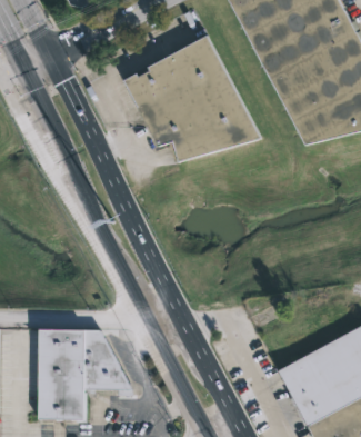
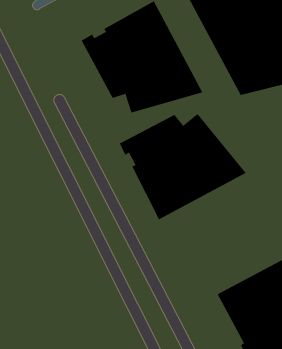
building: none -> [119,113,247,220]
building: [39,329,131,419] -> none

